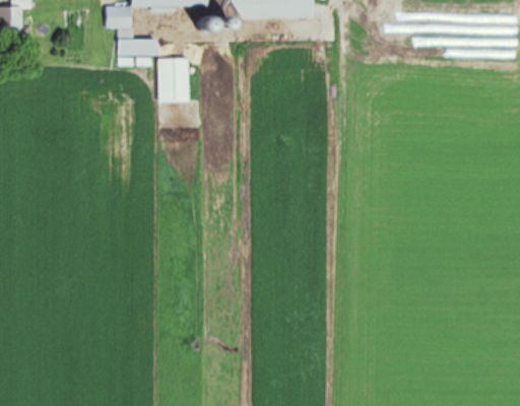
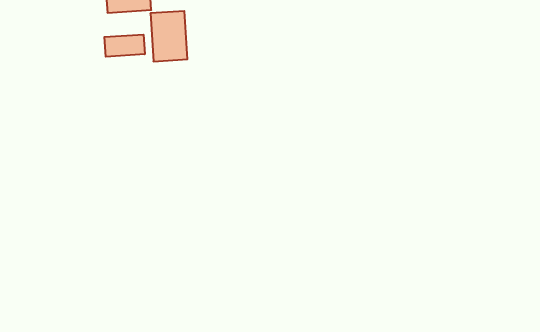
building: none -> [104,35,145,57]

